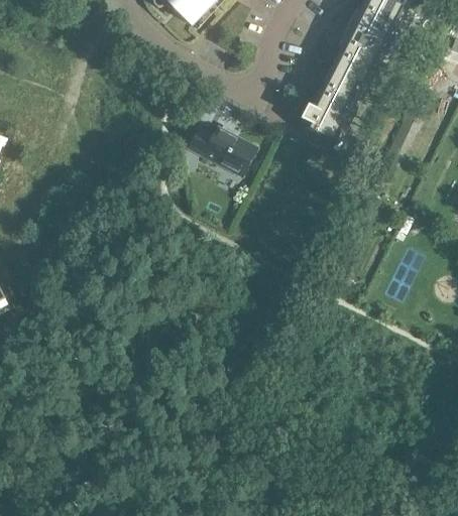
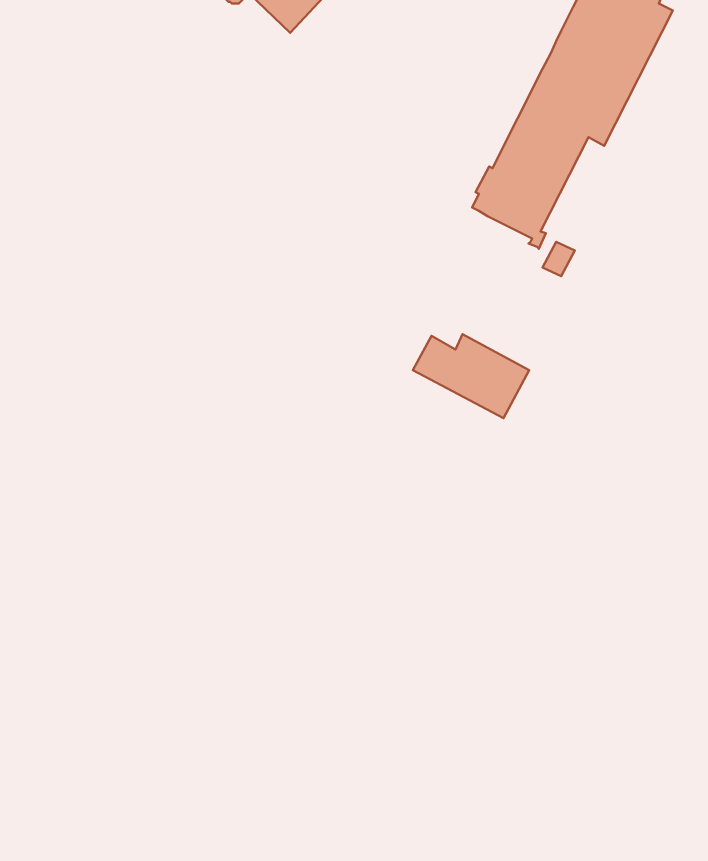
building: [189,124,257,173] -> [413,334,529,418]

